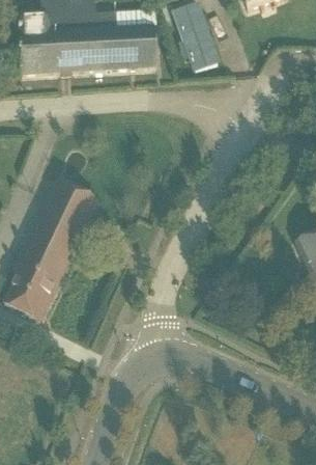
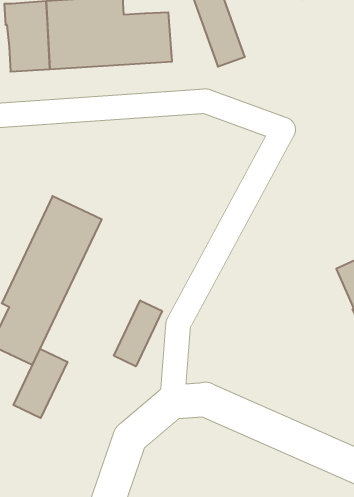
building: none -> [114,300,162,366]
building: none -> [13,349,67,418]

